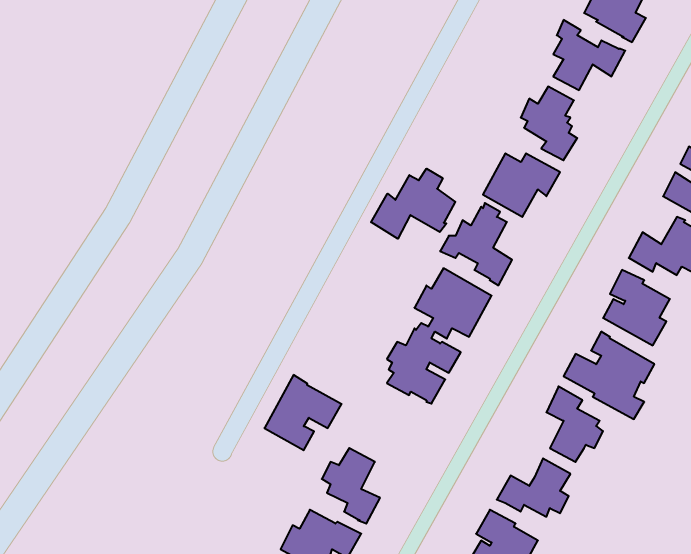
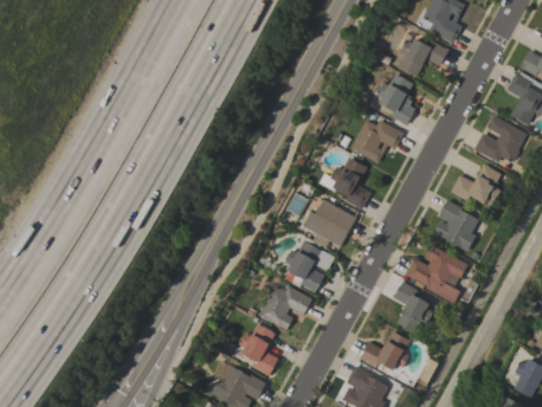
building: [371,169,455,239] -> none
building: [264,375,342,450] -> [259,278,312,330]

